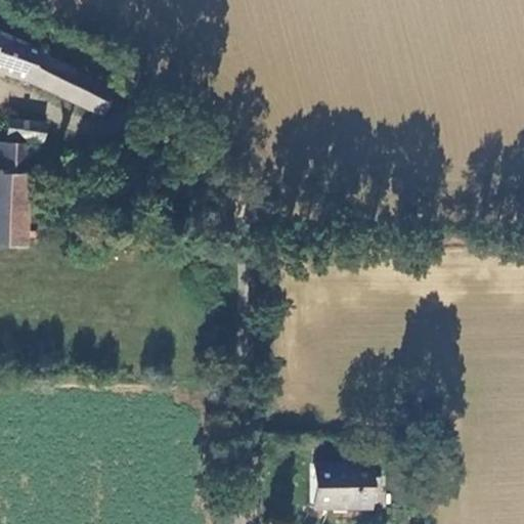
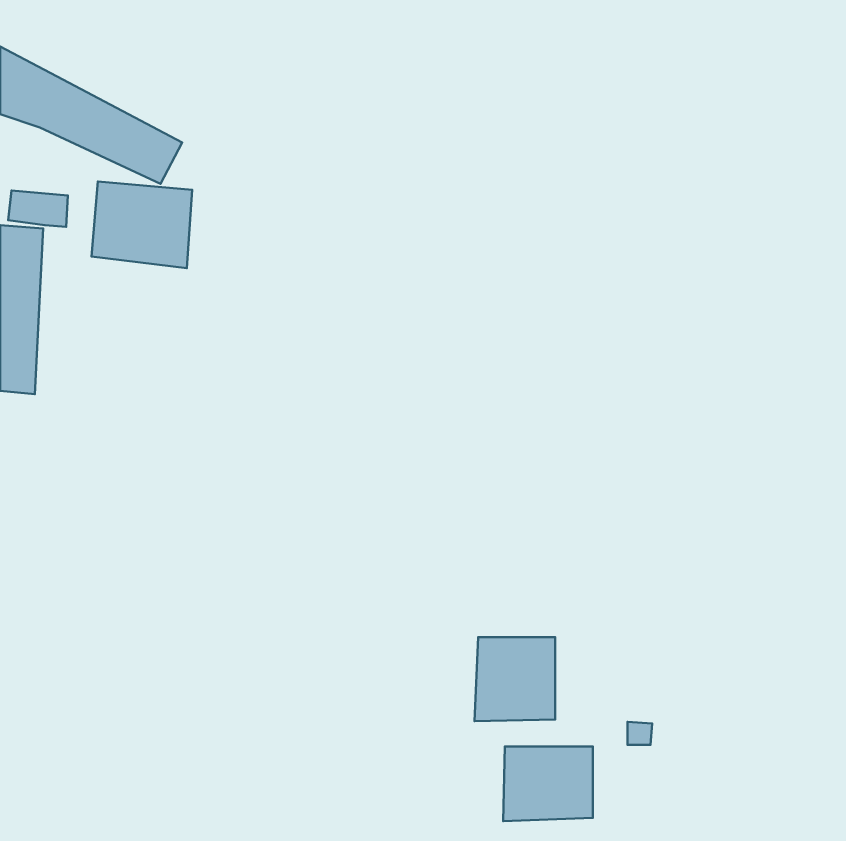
building: none -> [91,182,192,268]
building: none -> [475,637,555,721]

